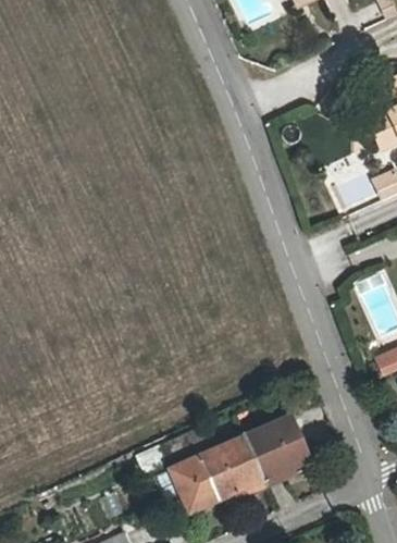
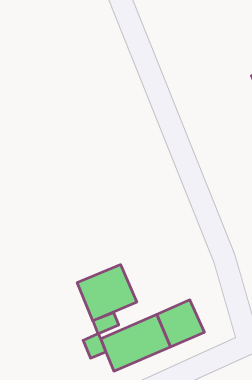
building: none -> [77,265,137,321]

